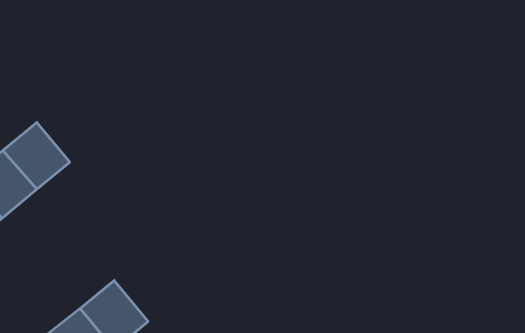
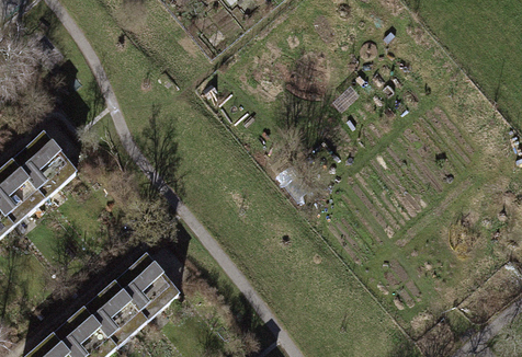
building: none -> [114,256,178,321]

